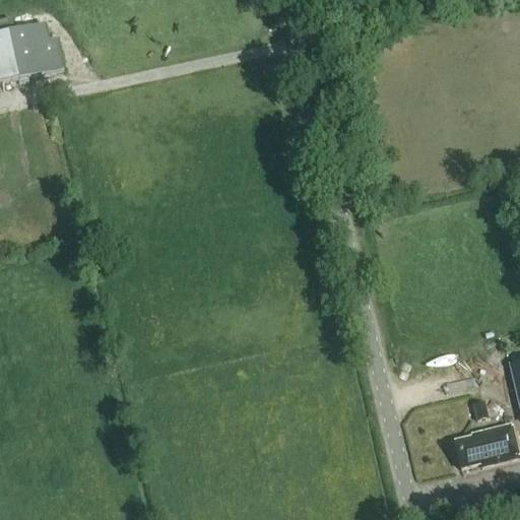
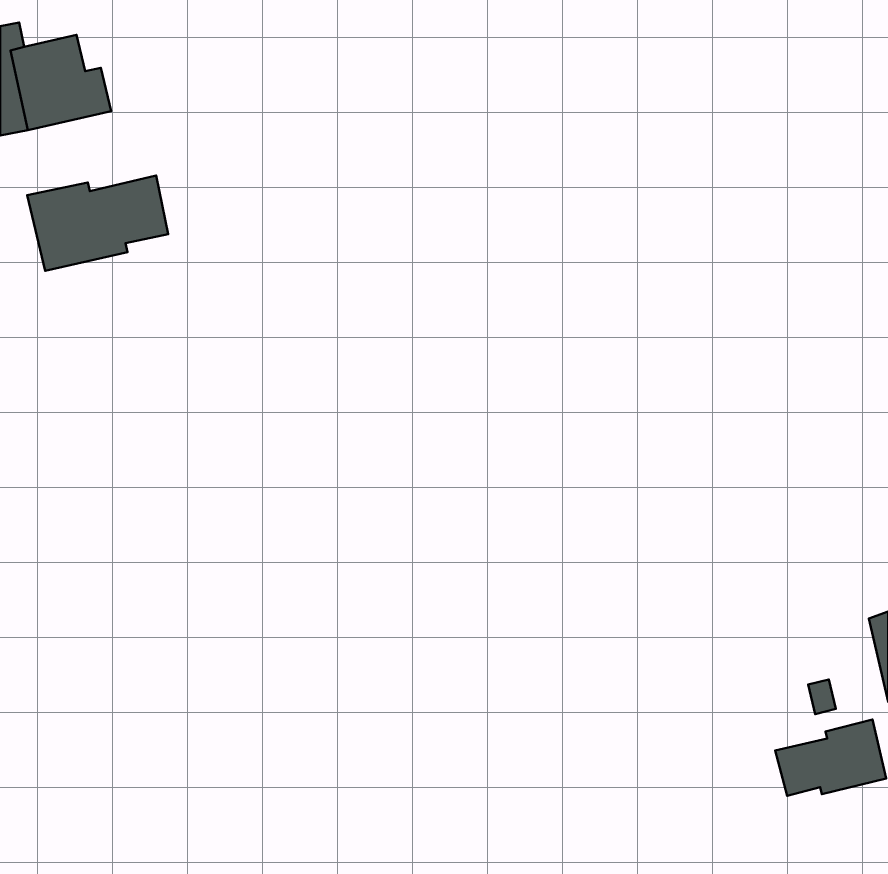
building: none -> [27,175,168,271]

